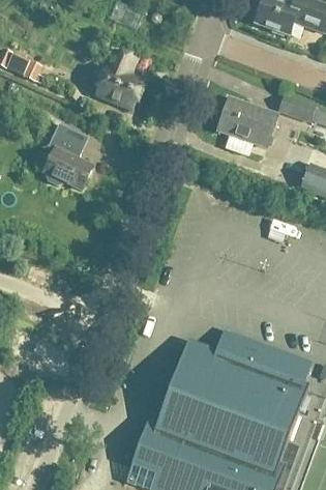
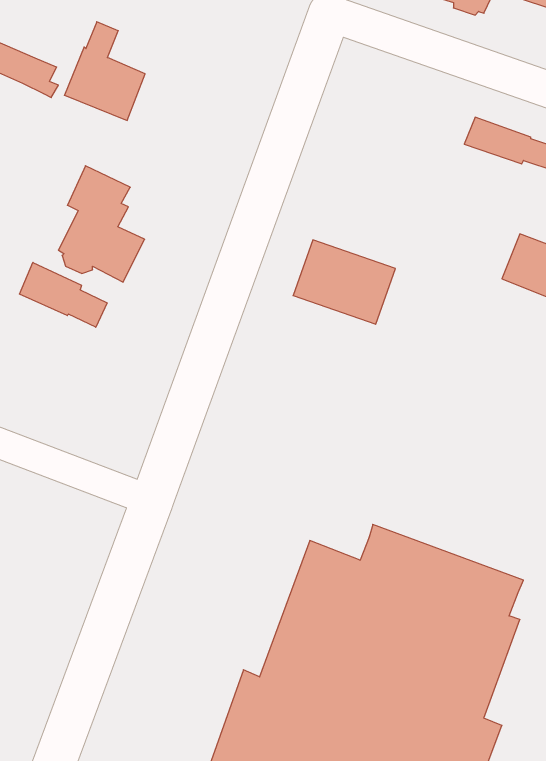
building: [95,51,142,108] -> [64,22,145,120]
building: [217,97,276,146] -> [293,240,395,324]
building: none -> [20,262,107,327]

